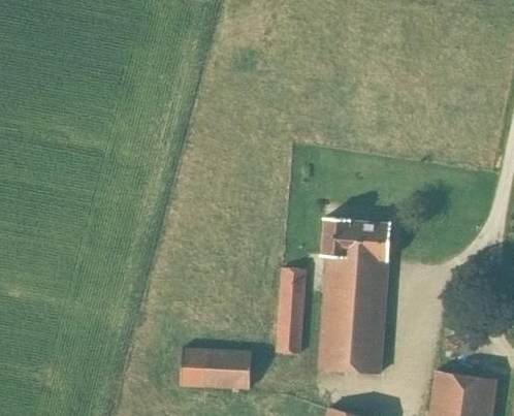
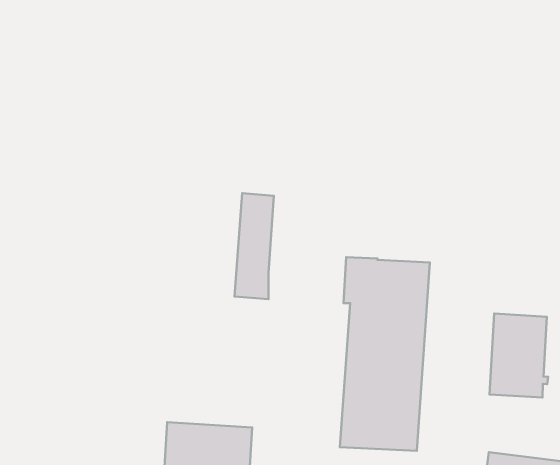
building: none -> [489,314,548,397]
building: [277,268,308,352] -> [234,193,274,299]

